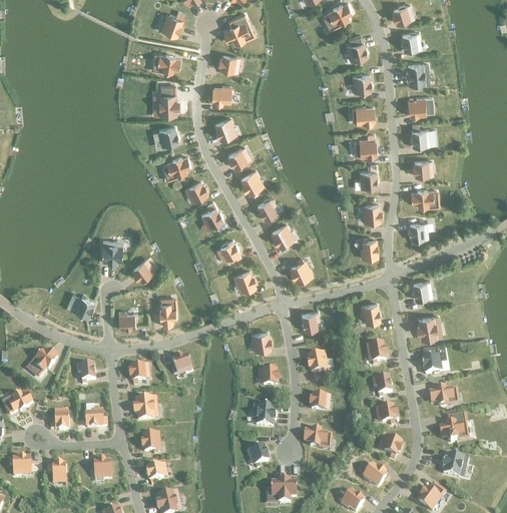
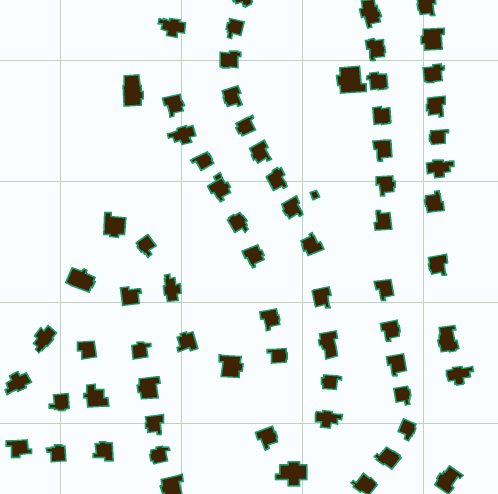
building: [158,85,177,115] -> [123,75,143,106]
building: none -> [336,66,366,93]
building: [416,317,438,340] -> none
building: [252,404,276,426] -> [219,355,243,378]
building: [439,414,465,442] -> none
building: [441,454,467,477] -> none

